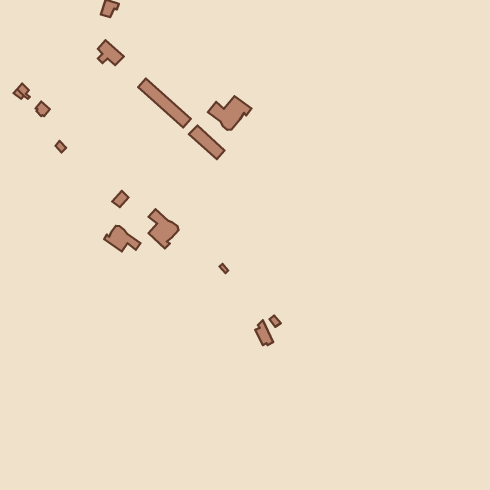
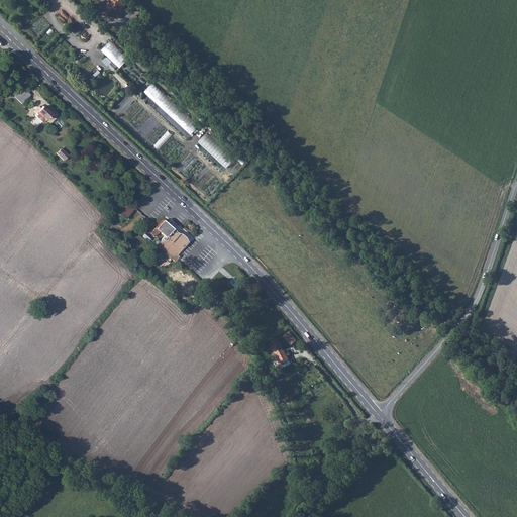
building: [208,96,252,130] -> none
building: [104,226,141,252] -> none

